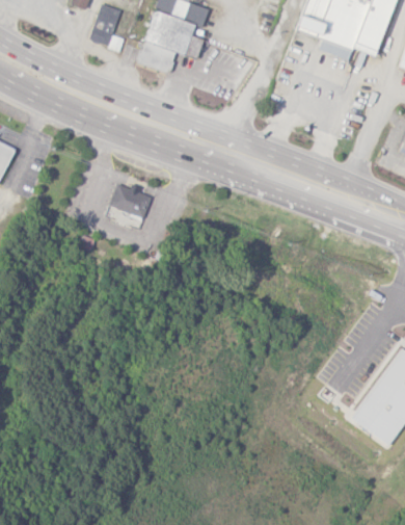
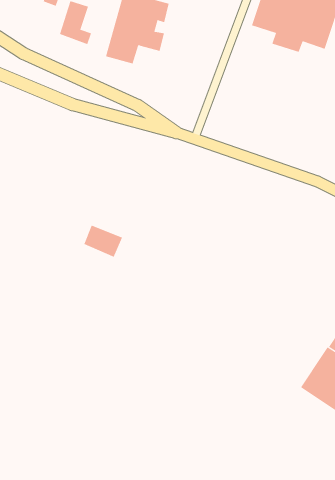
building: [109,183,152,218] -> [83,225,123,258]

